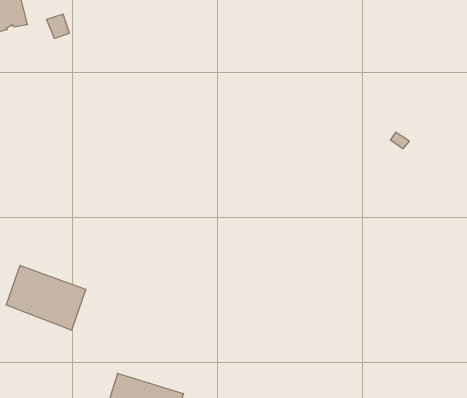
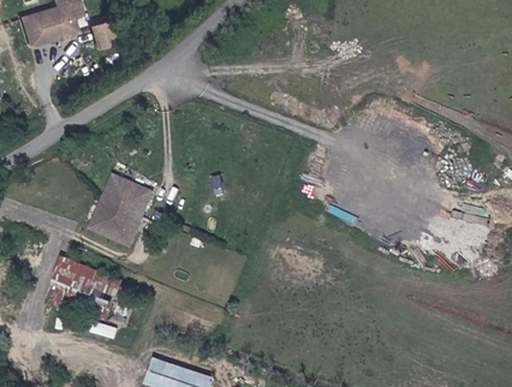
building: none -> [90,175,150,244]

